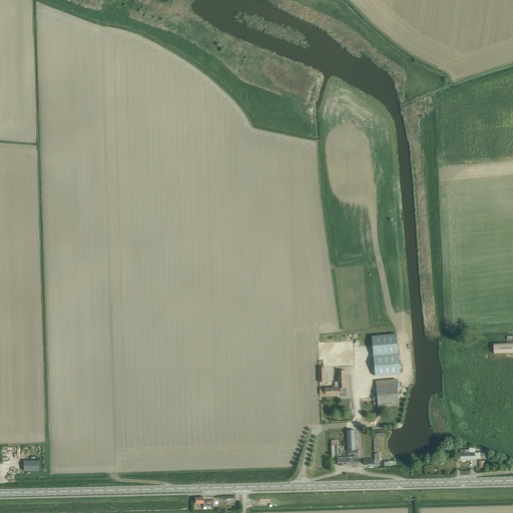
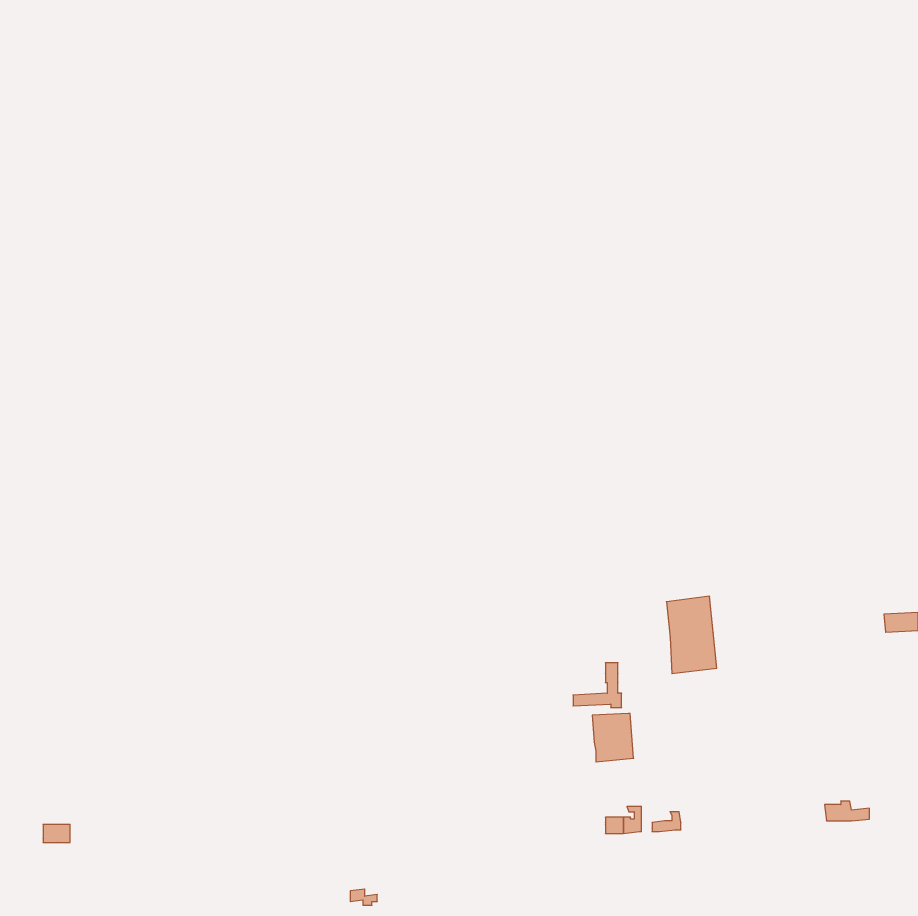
building: [376,379,399,406] -> [592,713,634,762]

